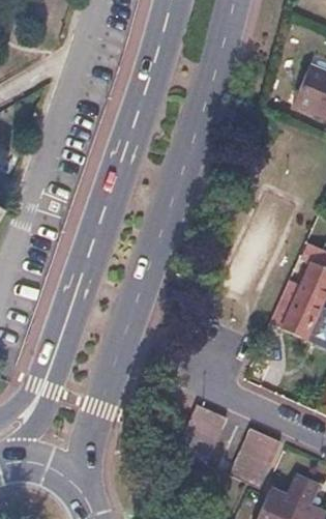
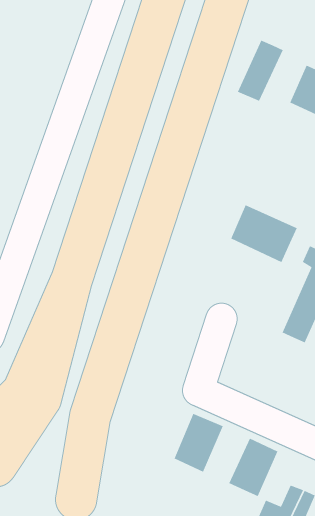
building: none -> [237,39,284,102]
building: none -> [230,204,298,263]

